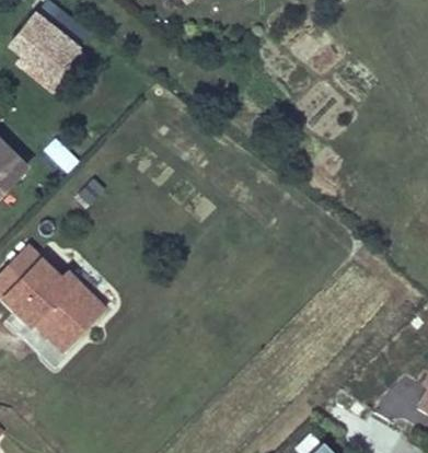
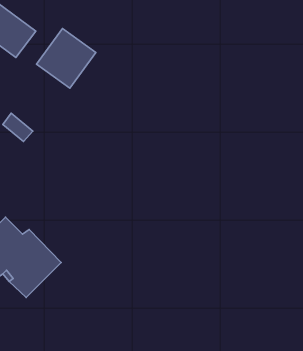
building: none -> [37,29,96,88]

